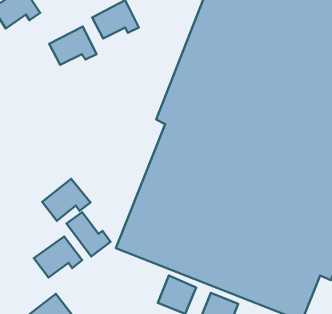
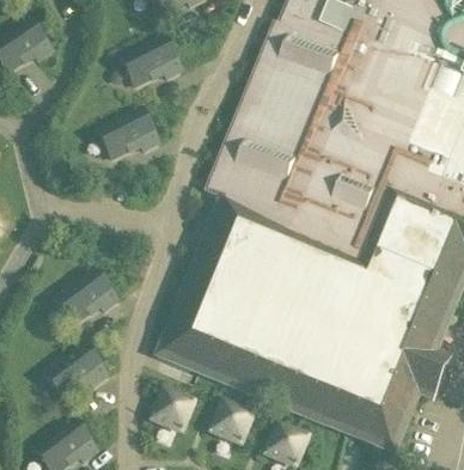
building: [49,27,96,65] -> [98,108,160,158]
building: [67,212,111,257] -> none
building: none -> [148,385,199,435]

